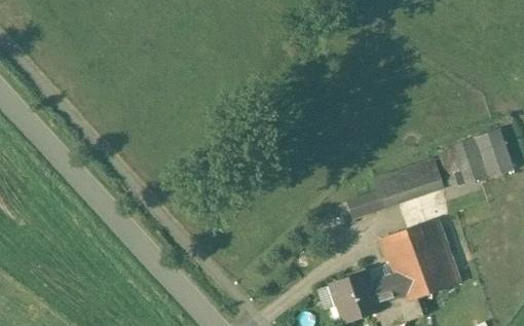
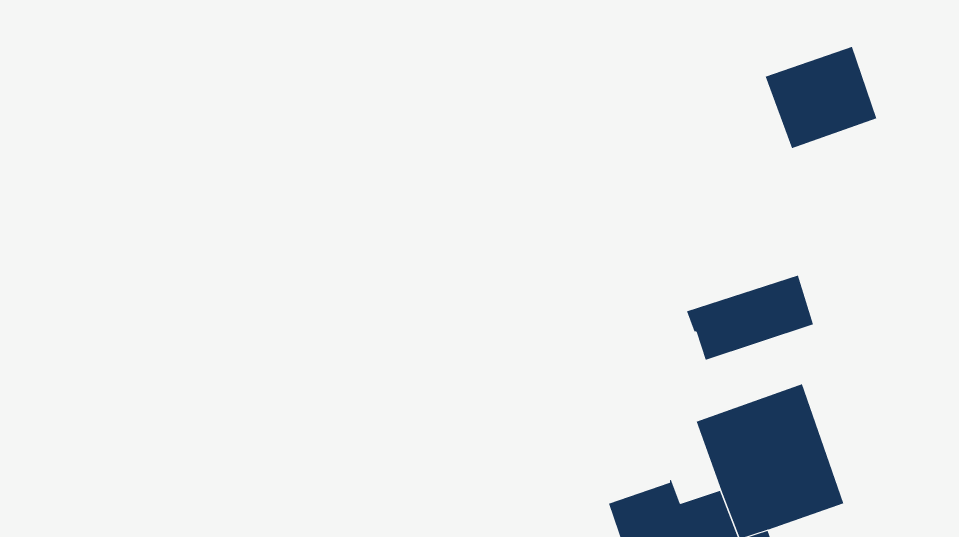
building: [451,130,512,185] -> [765,46,877,149]
building: [347,190,384,217] -> none

